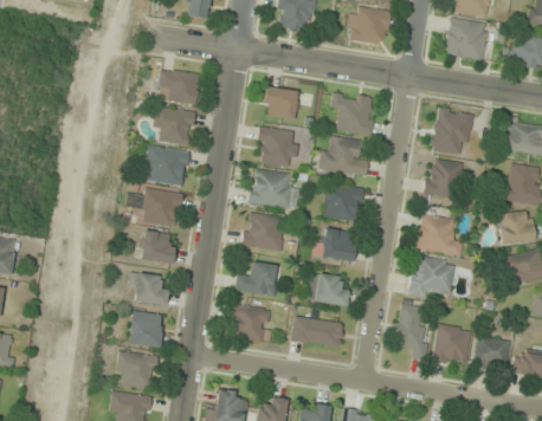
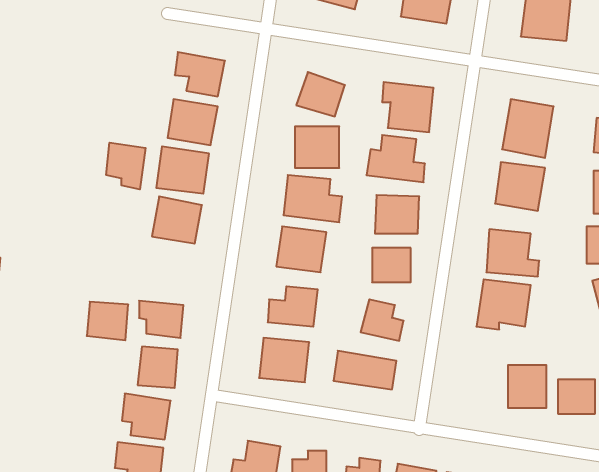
building: none -> [106,143,146,189]
building: [141,232,175,264] -> [87,302,128,340]
building: [396,303,430,358] -> none

